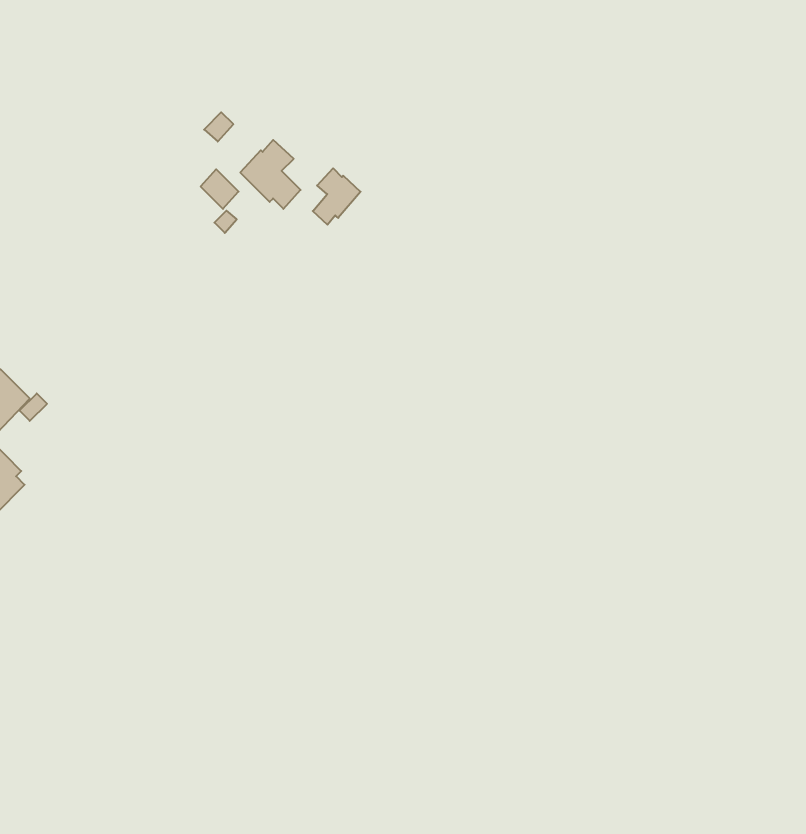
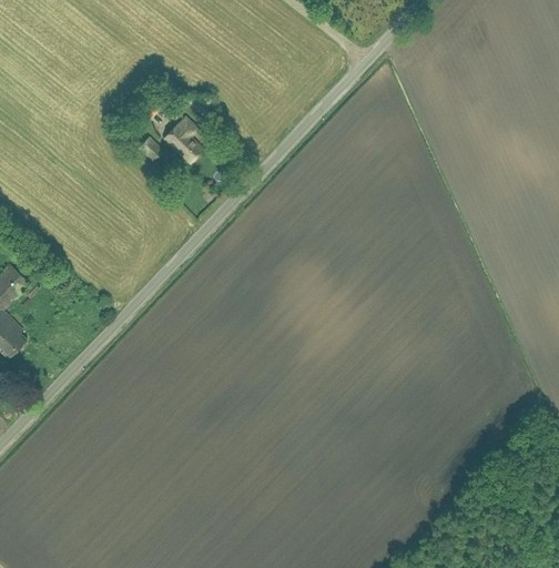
building: [313,168,361,225] -> none

